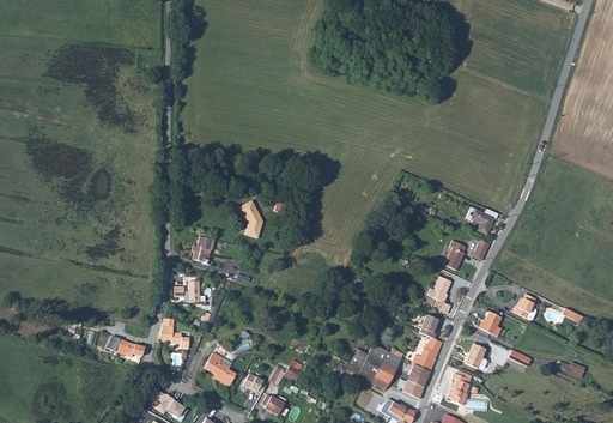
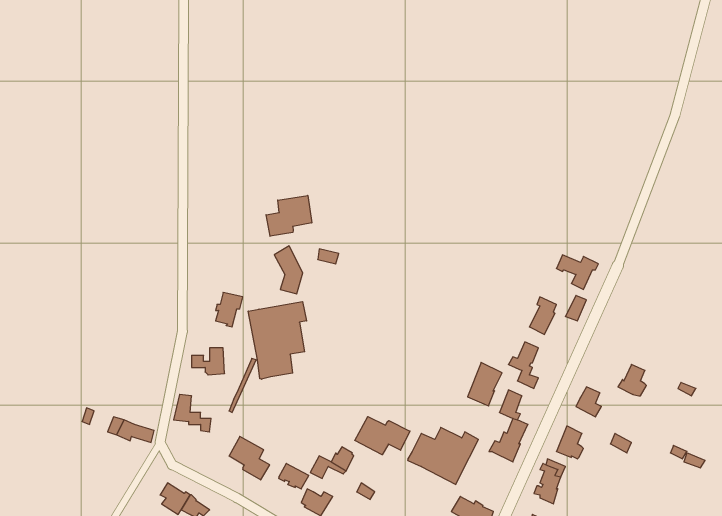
building: none -> [266,195,312,236]
building: none -> [248,302,307,379]
building: none -> [355,417,410,455]
building: [402,363,430,398] -> [468,362,502,406]

